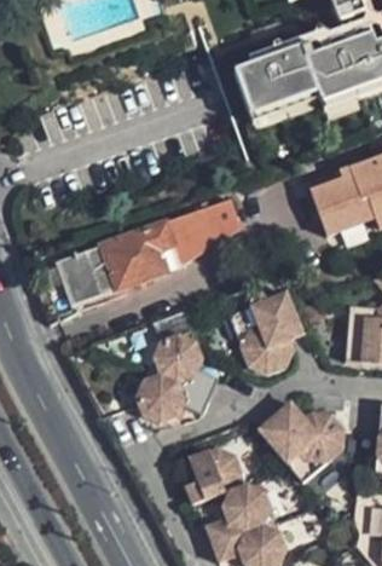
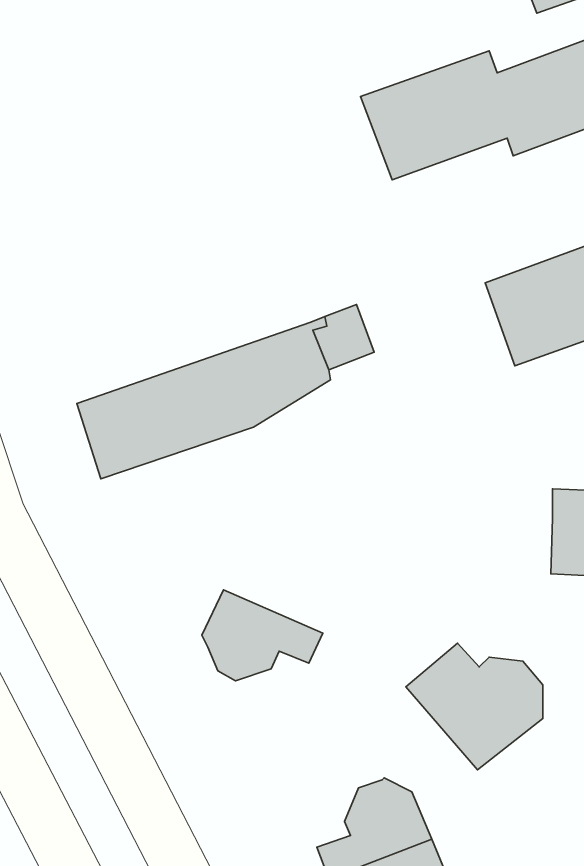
building: [230,291,308,374] -> none
building: [147,333,215,397] -> none
building: [184,450,244,508] -> none

